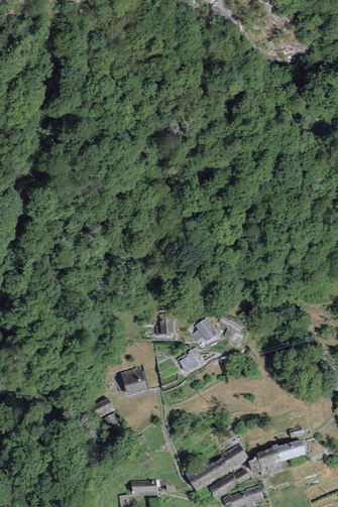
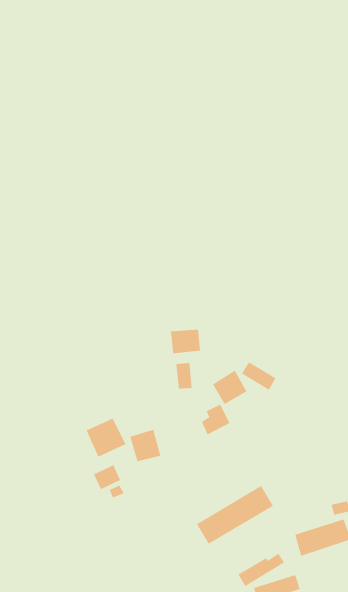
building: none -> [171,329,200,354]
building: none -> [86,418,126,458]
building: [186,443,250,493] -> [196,485,274,545]
building: [132,479,158,495] -> none

